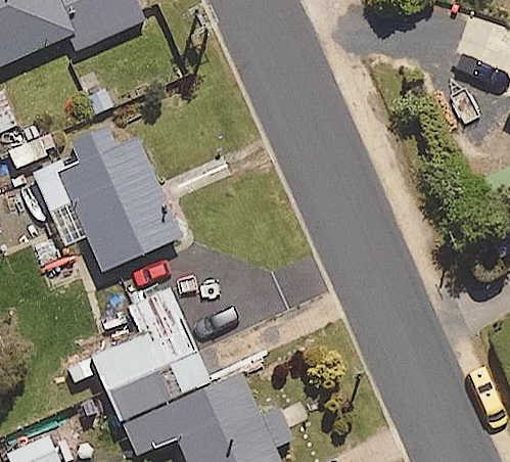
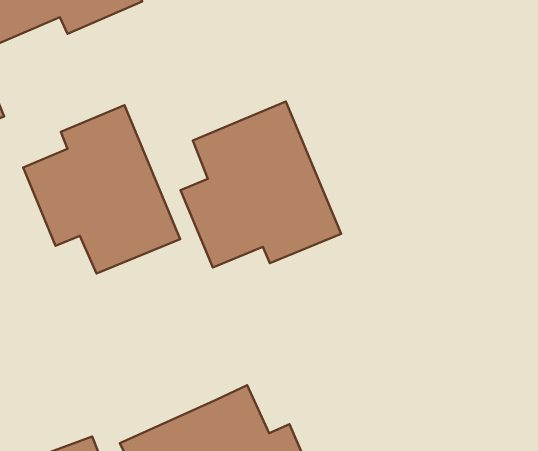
building: none -> [181,101,341,267]
building: [92,289,212,425] -> none

